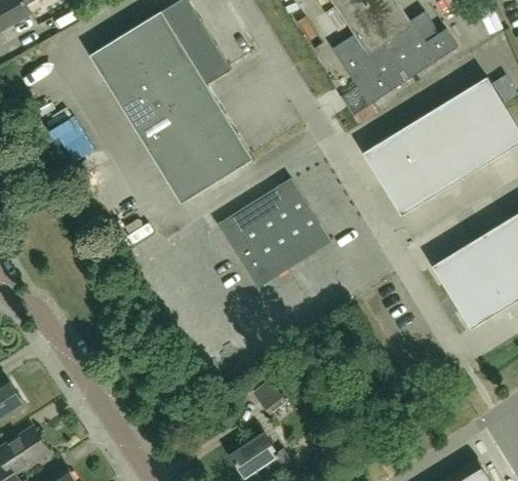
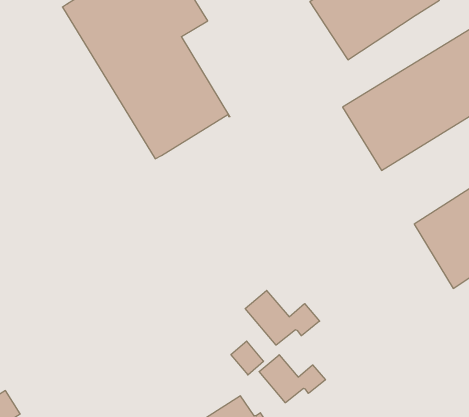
building: [218,181,330,287] -> none
building: none -> [245,290,320,345]
building: none -> [259,355,325,403]

